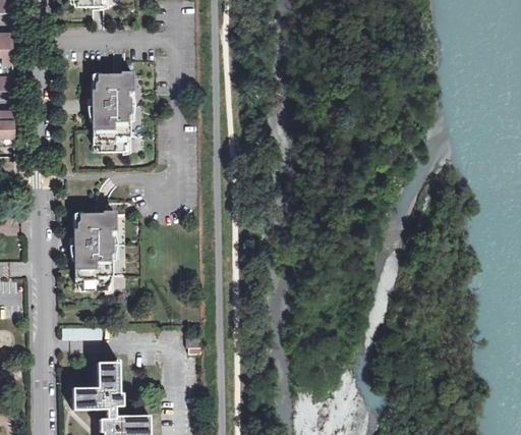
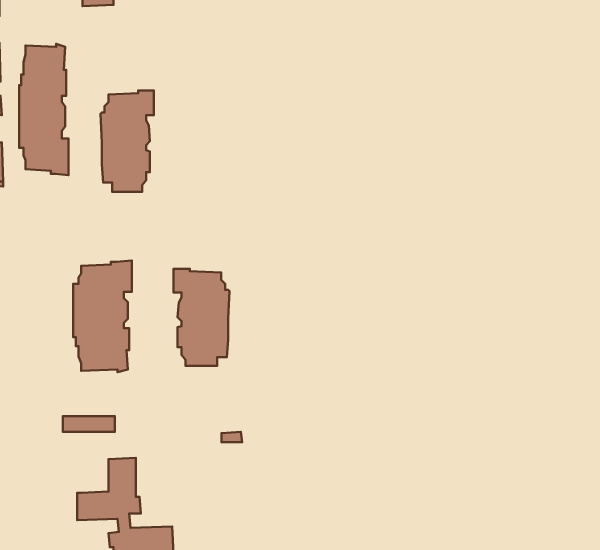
building: none -> [19,44,68,175]
building: none -> [173,269,229,366]

